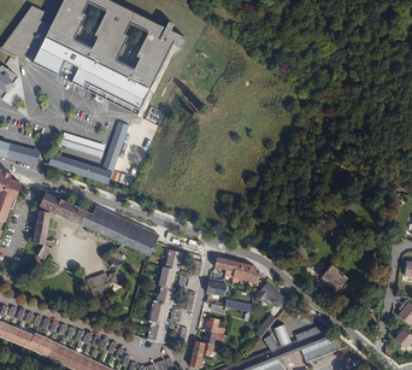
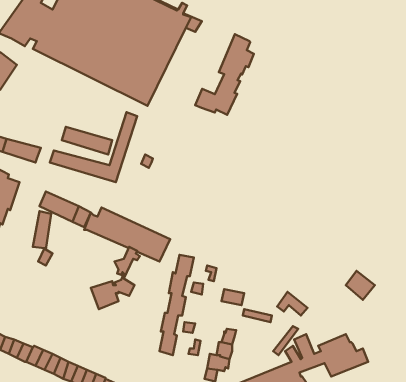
building: none -> [195,34,254,115]
building: [213,257,255,283] -> none

